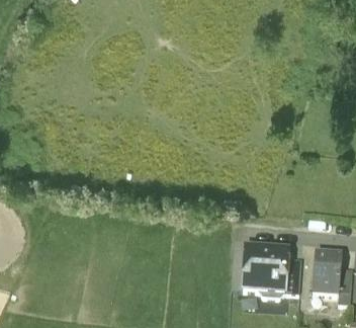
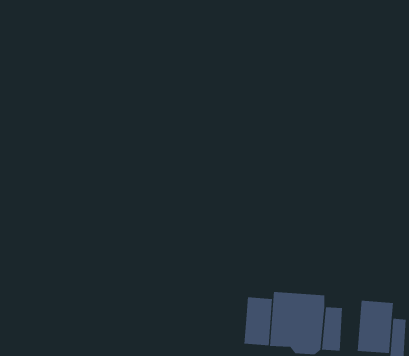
building: none -> [244,297,273,346]

